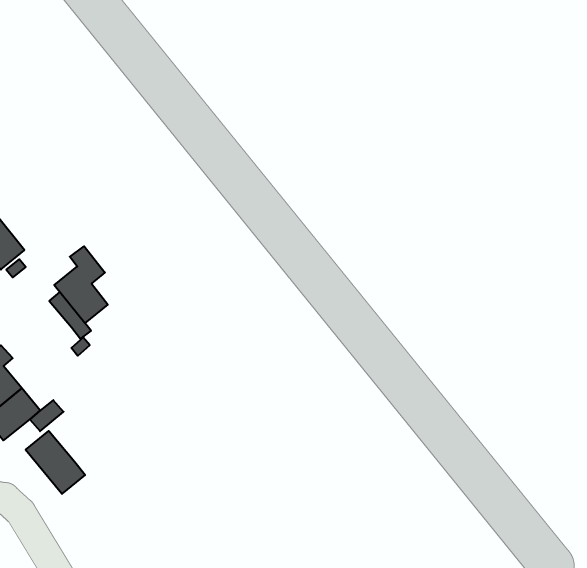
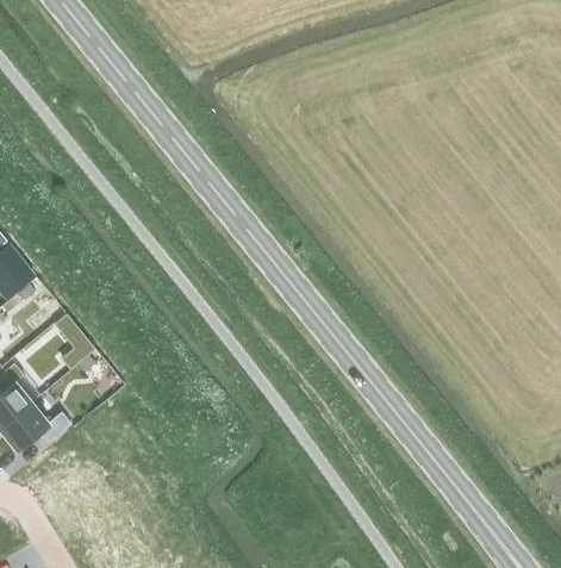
building: [54,246,108,323] -> none
building: [26,431,85,494] -> none

